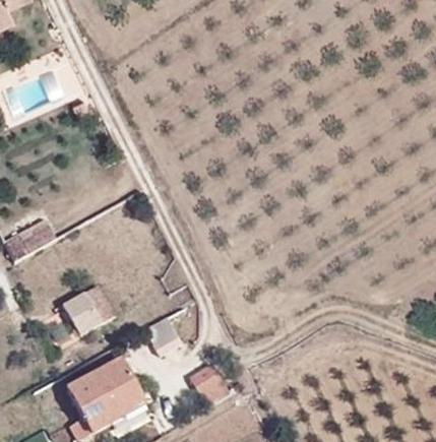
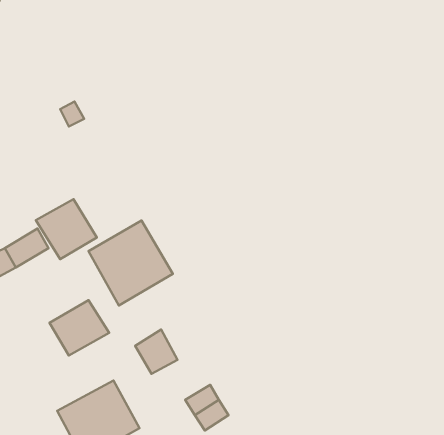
building: none -> [36,199,97,259]
building: none -> [88,220,173,306]

